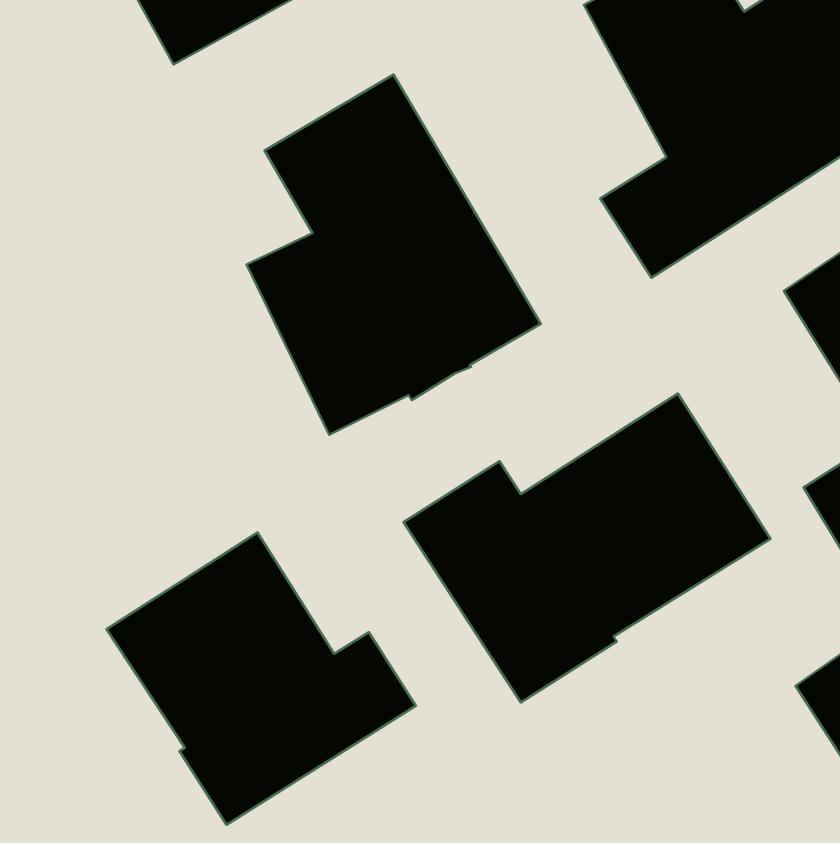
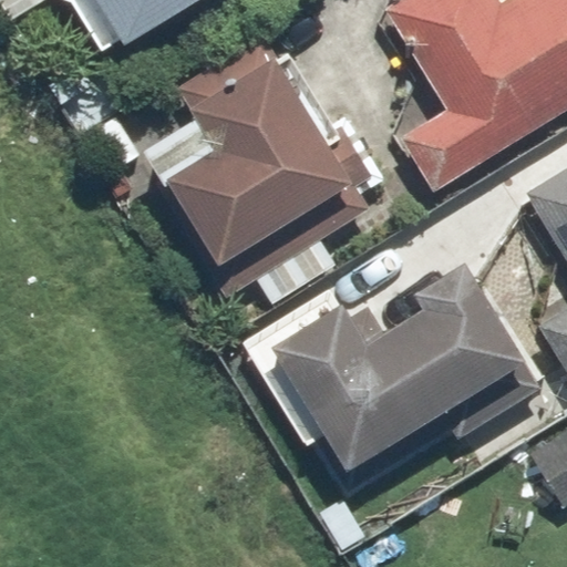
building: [106,533,416,825] -> none

